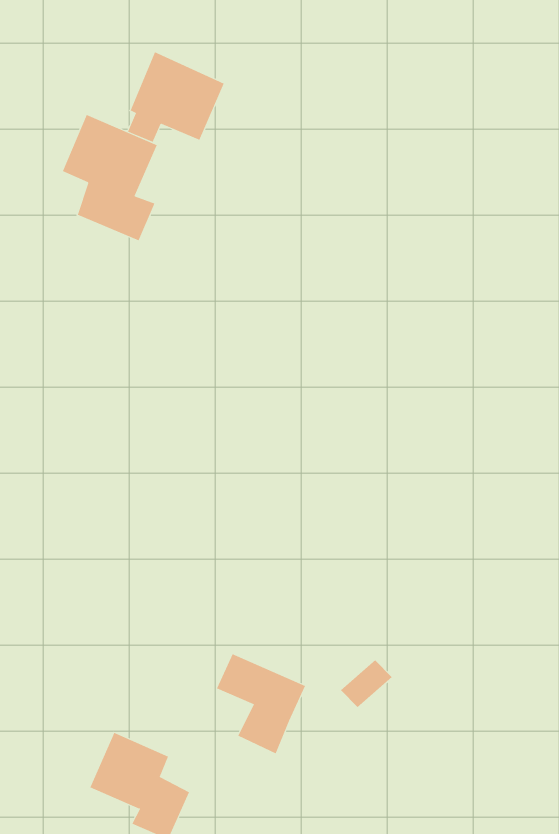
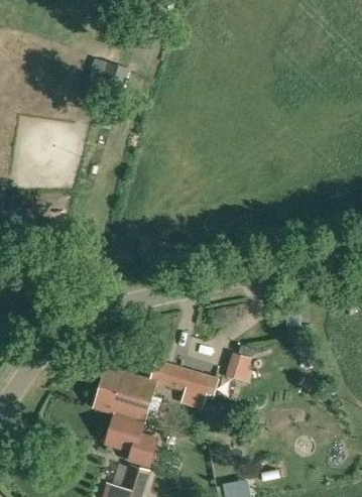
building: [62,114,158,241] -> none
building: none -> [93,366,156,421]

